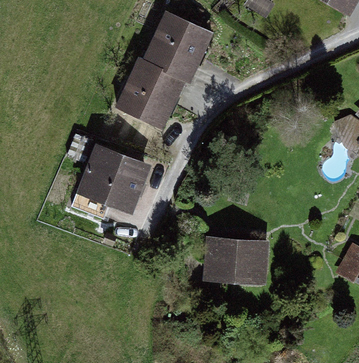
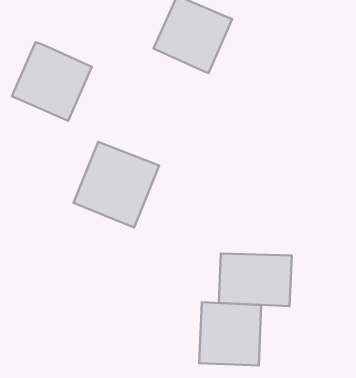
building: [117,55,188,125] -> [12,42,92,121]
building: none -> [199,302,261,365]

